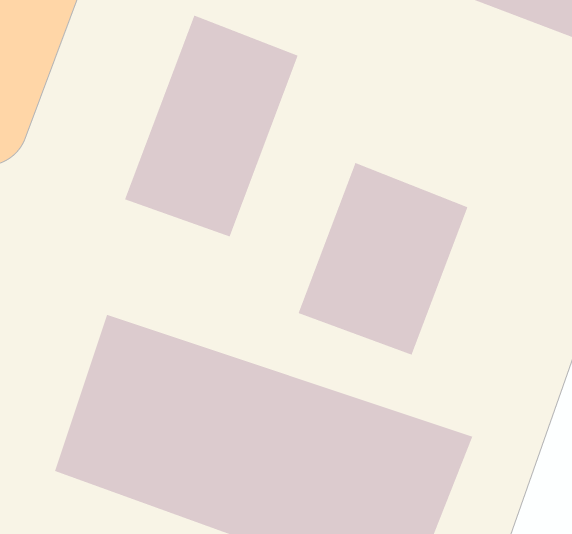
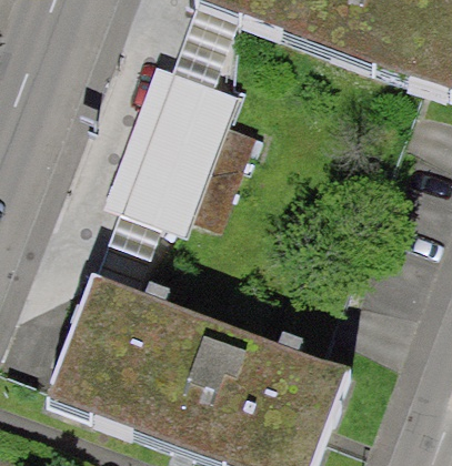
building: [298,162,468,356] -> none

